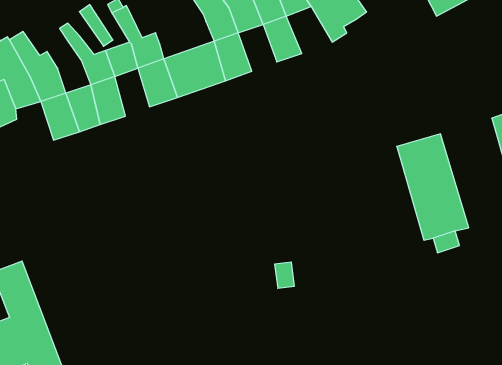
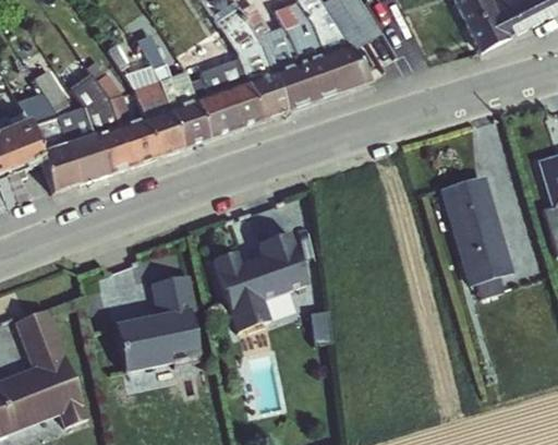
building: none -> [323,40,371,89]
building: none -> [191,56,247,95]
building: none -> [272,59,313,108]
building: none -> [73,76,119,131]
building: none -> [144,105,180,155]
building: none -> [40,140,80,189]
building: none -> [213,230,310,334]
building: none -> [114,273,207,381]

